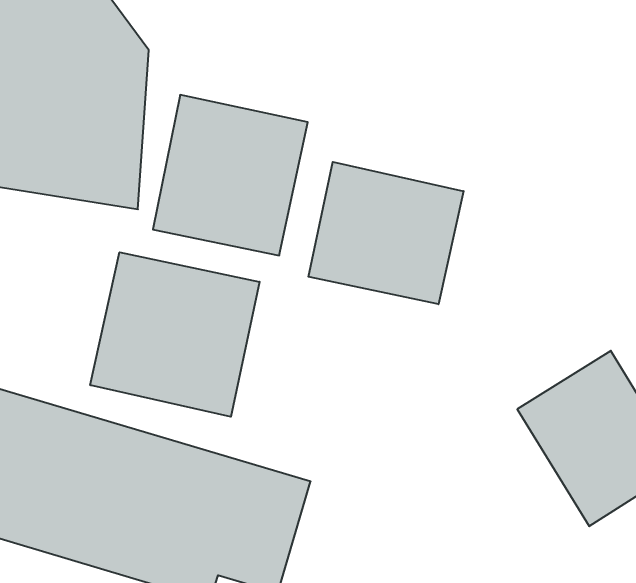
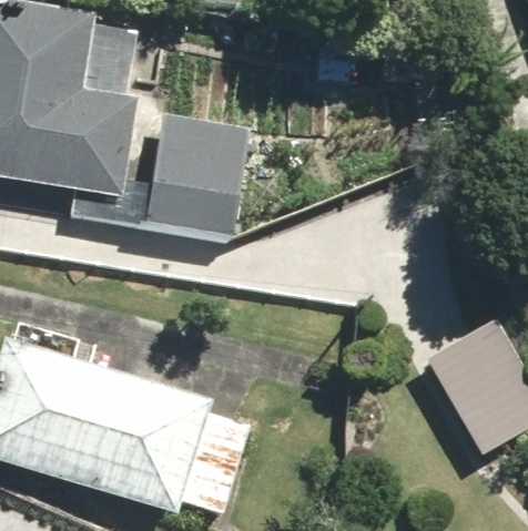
building: [308,162,464,304] -> none
building: [90,252,260,417] -> none

